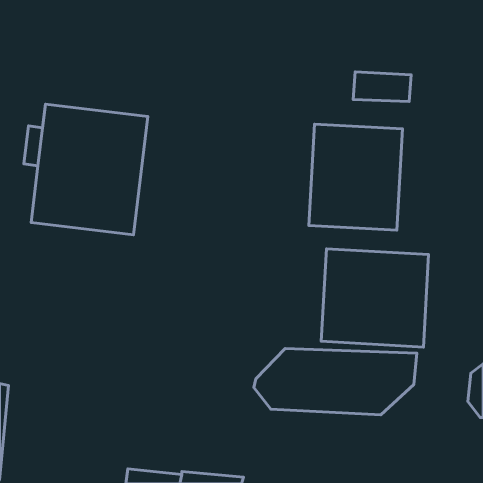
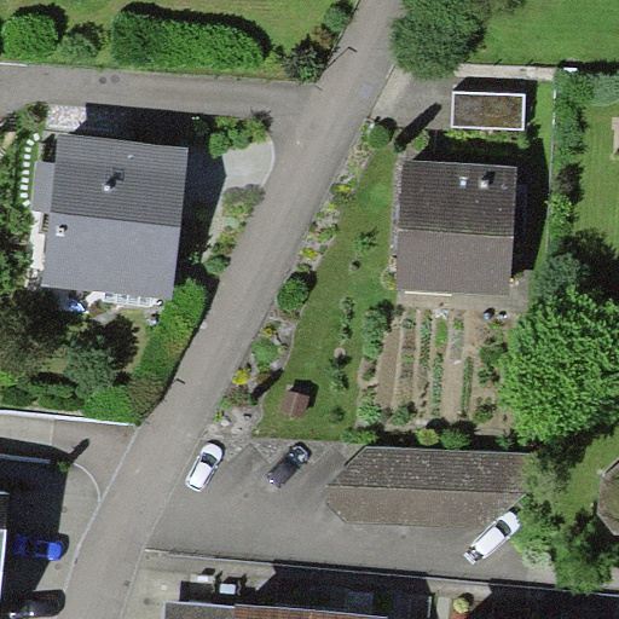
building: [321,249,429,347] -> none

